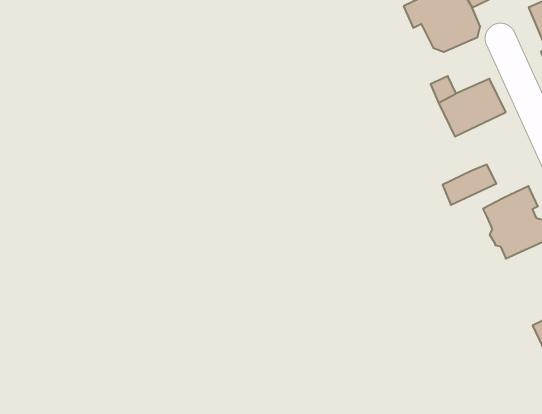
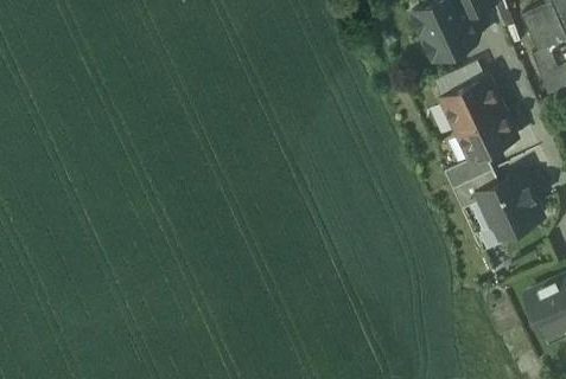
building: none -> [457,107,516,159]
building: none -> [453,169,500,208]

